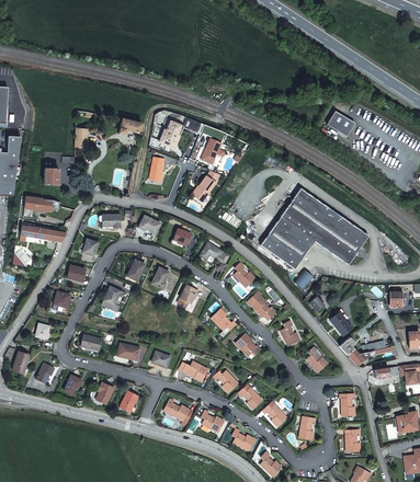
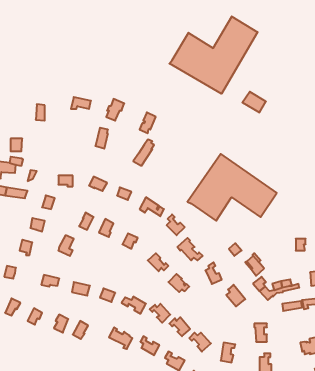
building: none -> [169,16,258,94]

